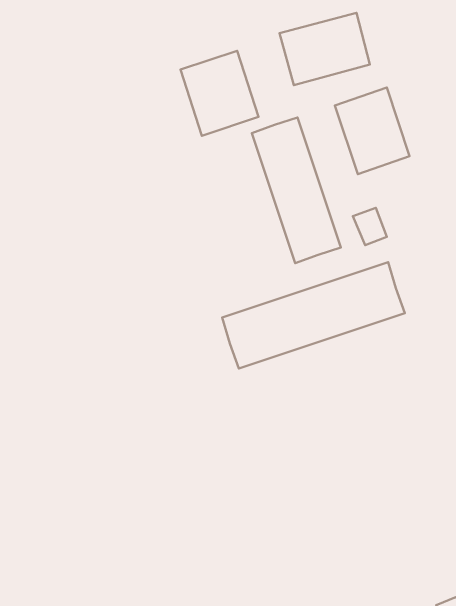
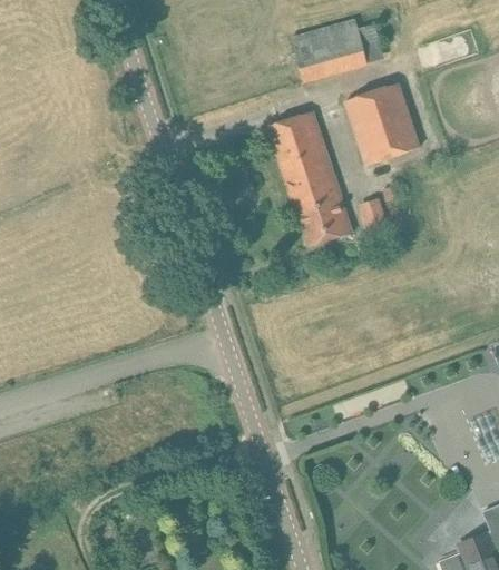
building: [180,51,258,136] -> none
building: [222,262,405,369] -> none

